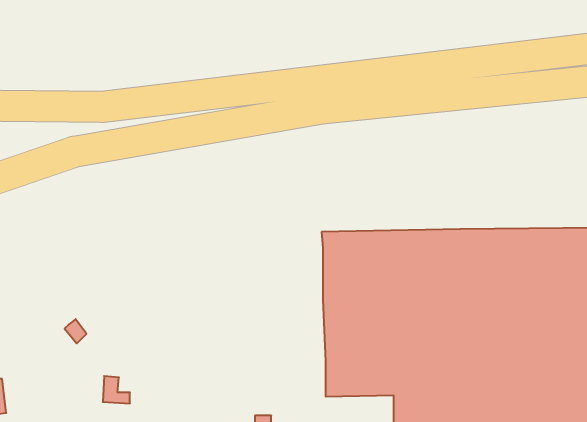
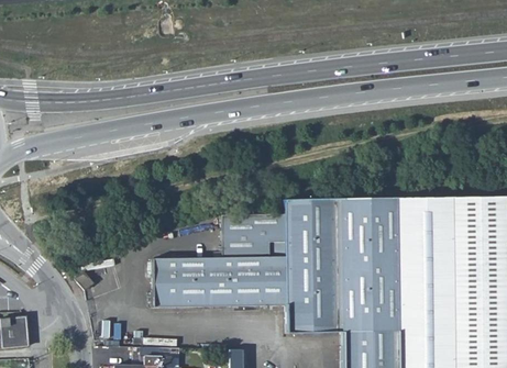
building: none -> [154,212,288,304]

